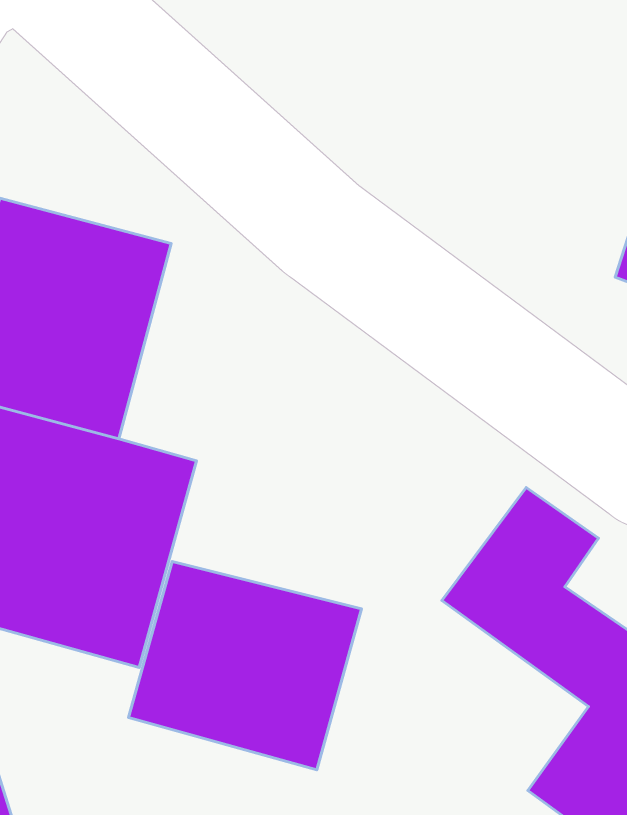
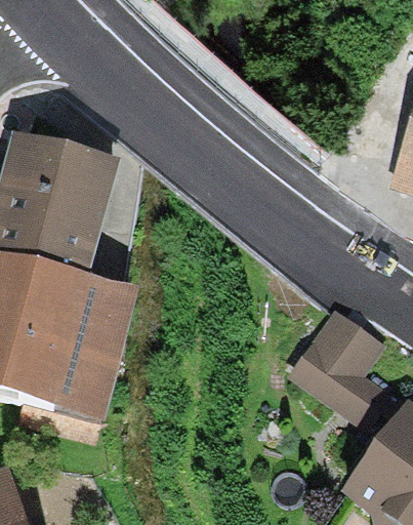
building: [129,562,362,770] -> none

